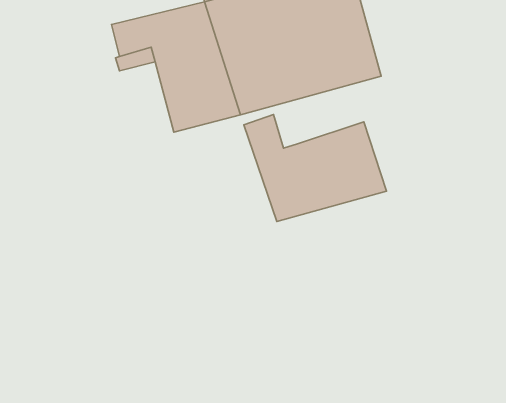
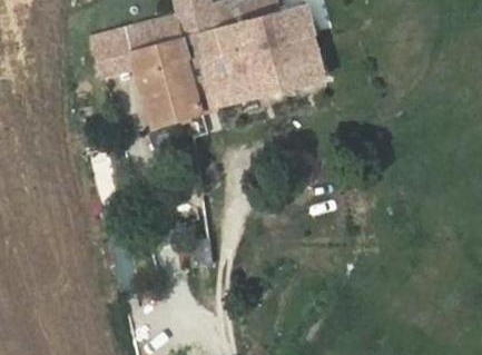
building: [244,114,387,221] -> none

